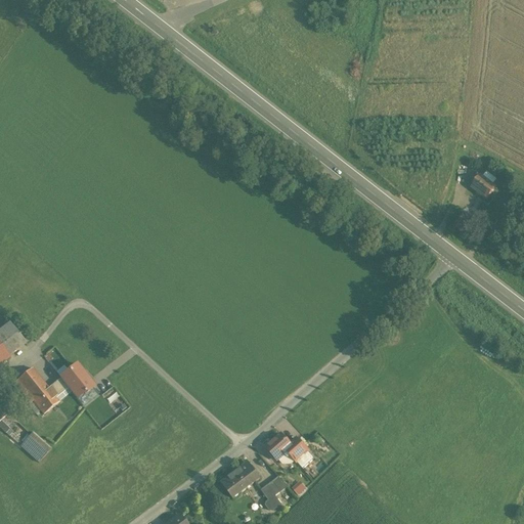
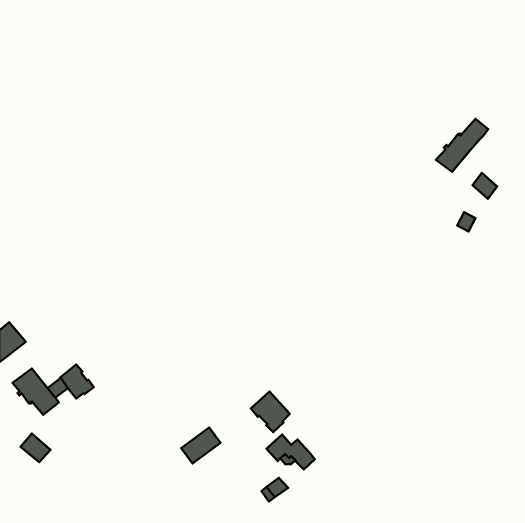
building: none -> [436,119,488,172]
building: none -> [251,392,290,432]
building: [220,461,259,496] -> [181,427,220,463]

